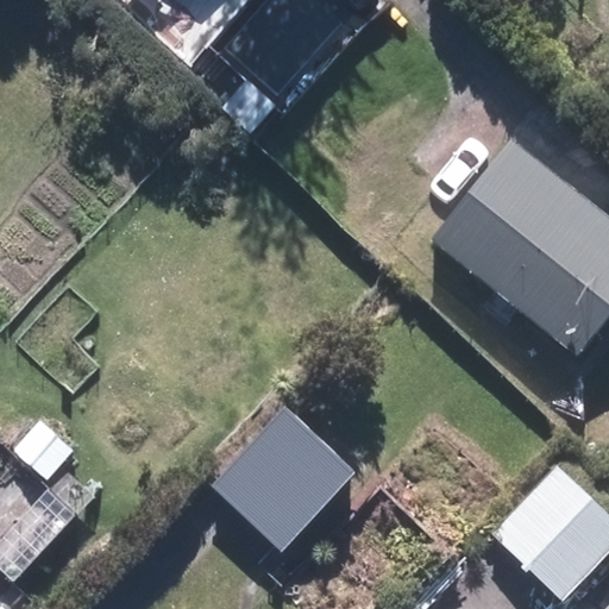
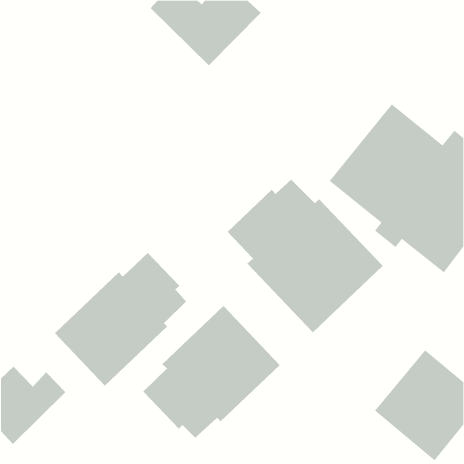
building: none -> [227,179,383,333]
building: none -> [54,252,187,387]

